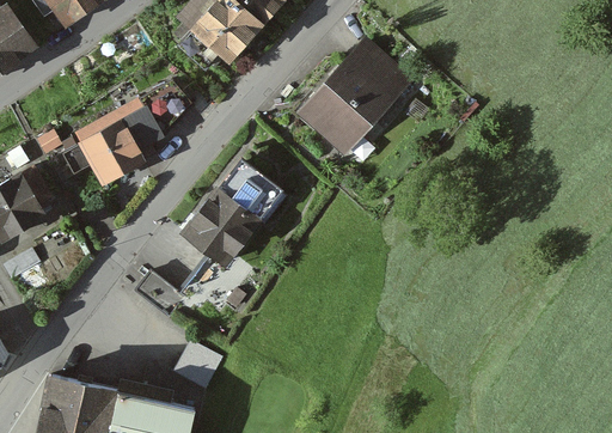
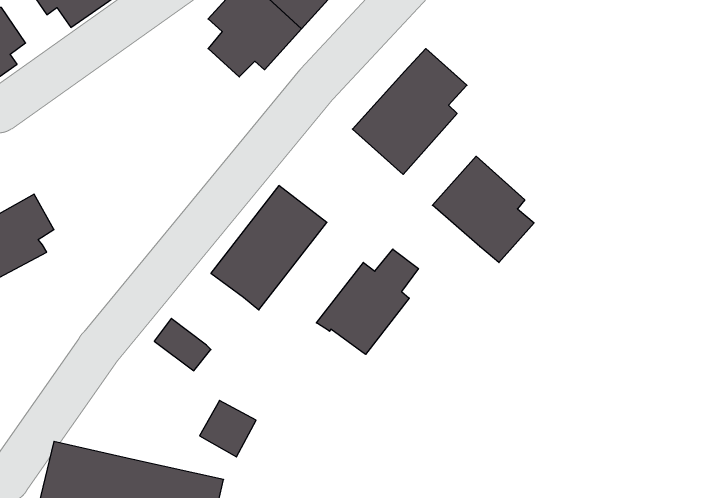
building: [61,81,191,183] -> none
building: none -> [432,156,534,263]
building: none -> [316,249,418,354]

